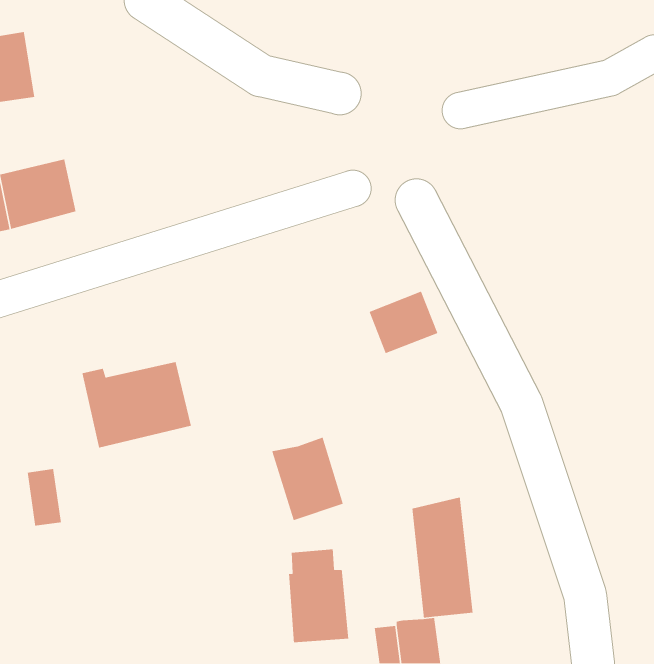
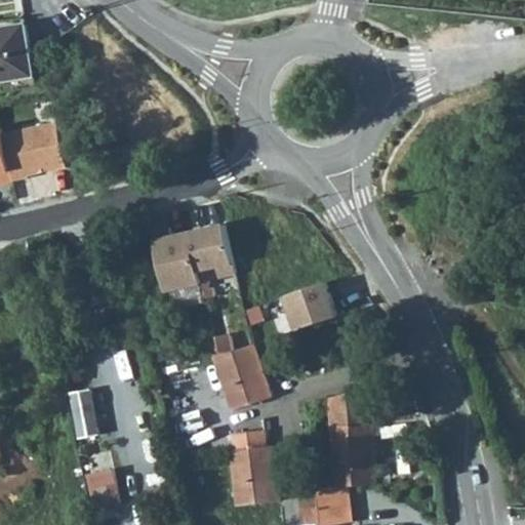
building: [368,291,439,354] -> [282,280,337,330]
building: [82,361,192,448] -> [149,226,236,294]
building: [27,468,62,527] -> [71,392,98,438]
building: none -> [85,468,119,508]

